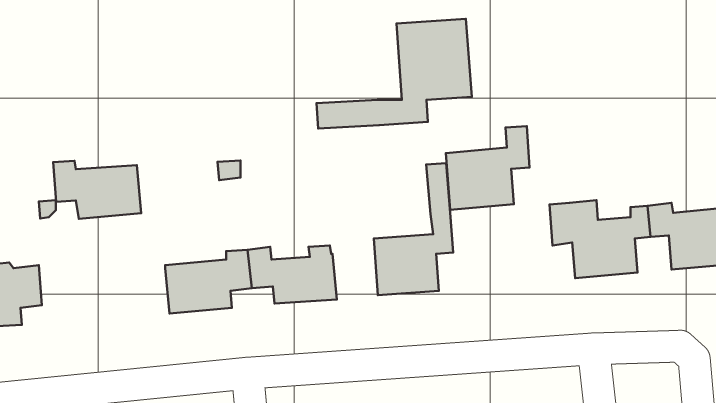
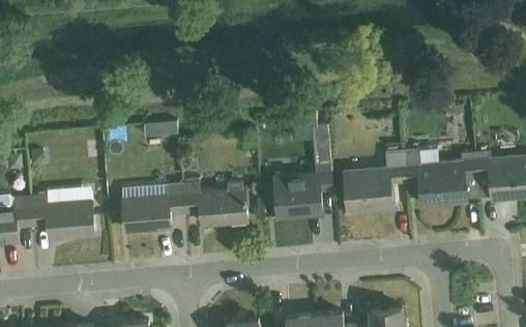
building: [317,19,472,129] -> none
building: [446,126,530,210] -> [344,153,405,214]
building: [53,161,141,219] -> [30,197,94,239]

